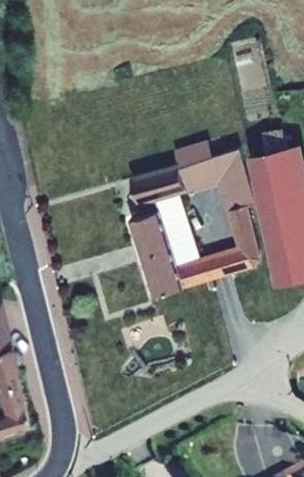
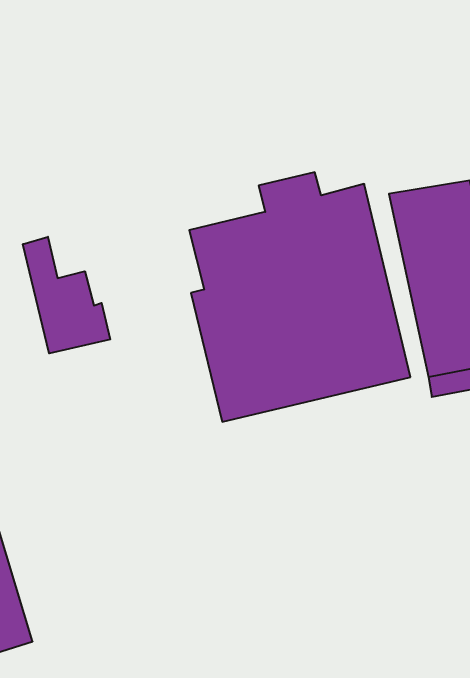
building: none -> [23,237,110,353]

